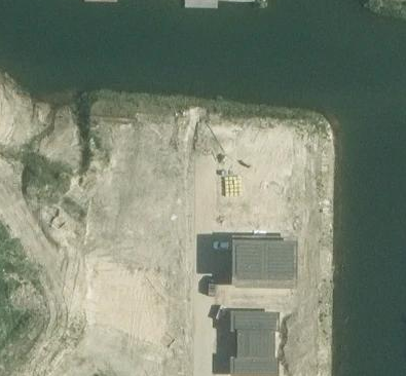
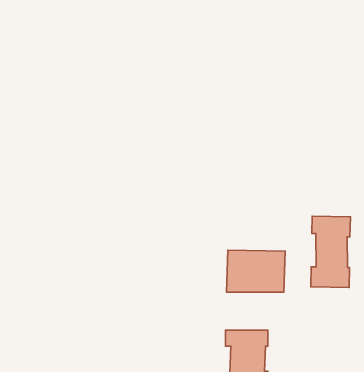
building: none -> [311,216,350,287]

